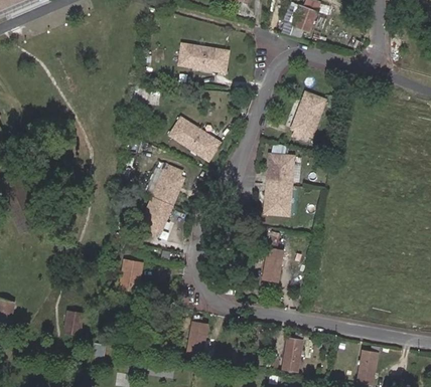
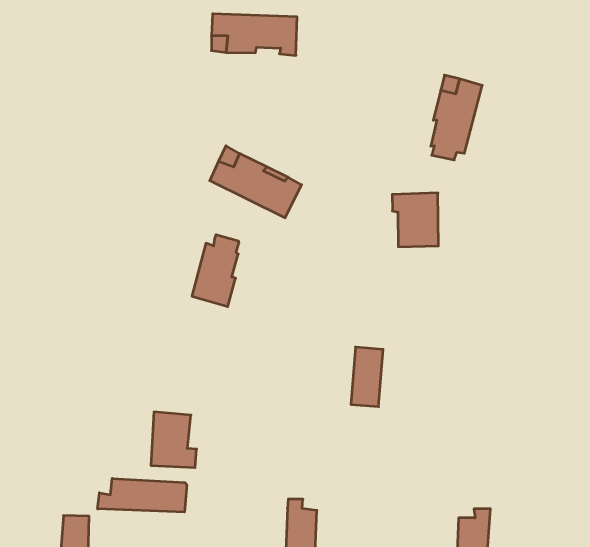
building: [264,184,291,216] -> none
building: [140,198,171,237] -> none
building: [263,247,284,281] -> [351,347,383,407]
building: none -> [98,478,187,512]

